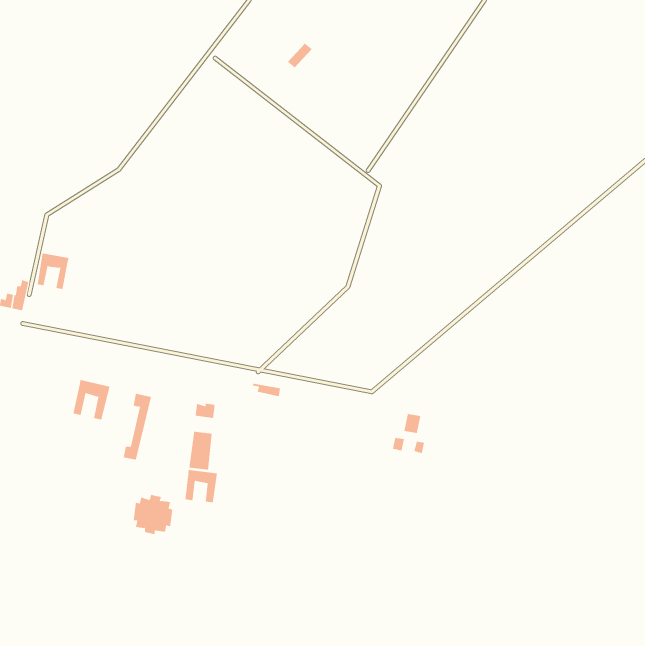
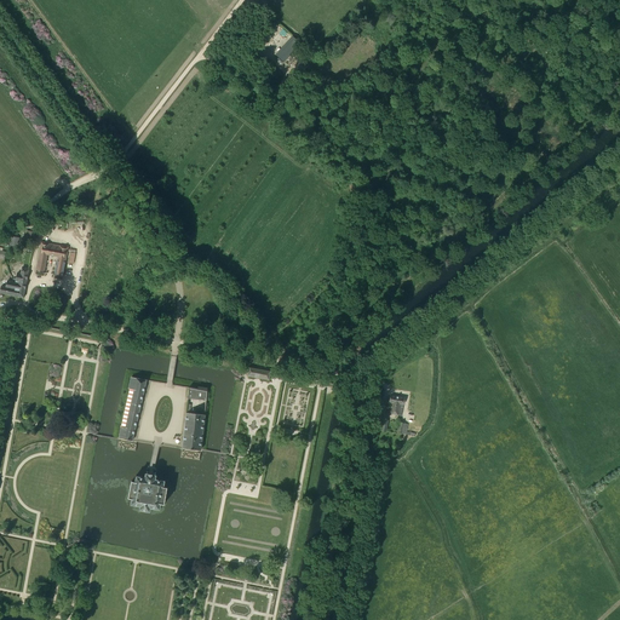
building: [73,379,110,420] -> none
building: [185,469,218,503] -> none

